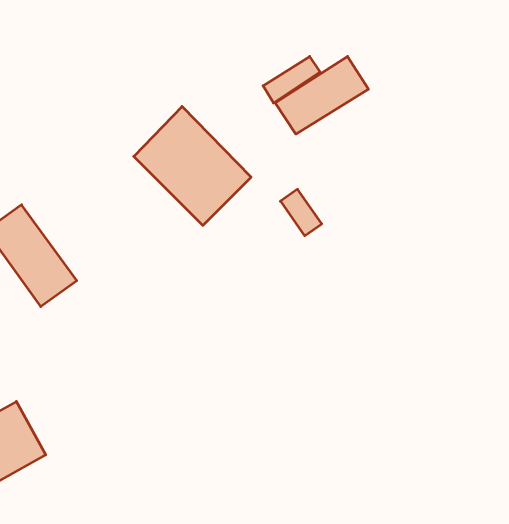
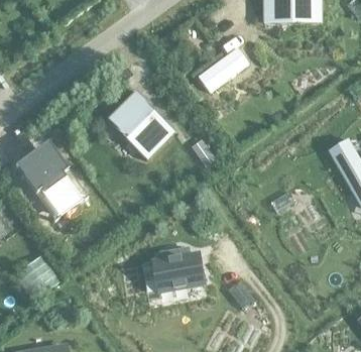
building: none -> [152,246,205,290]

